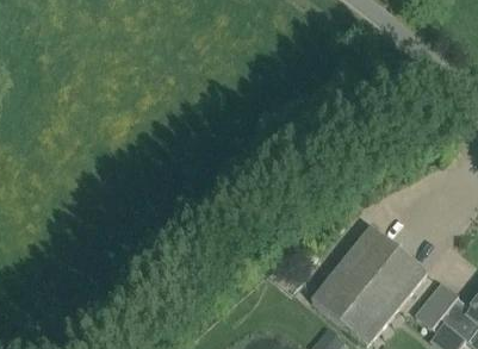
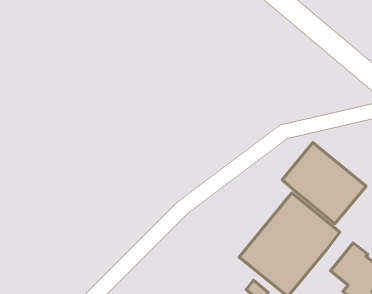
building: none -> [282,142,366,224]

